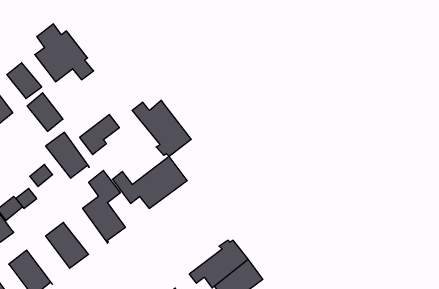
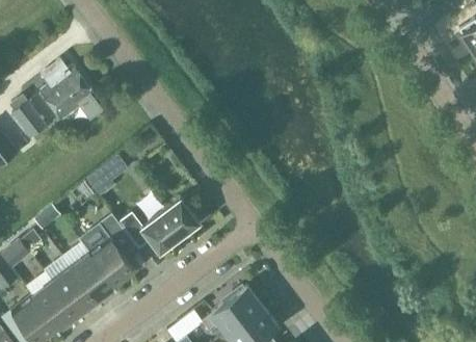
building: [27,93,63,131] -> none
building: [132,100,191,157] -> none
building: [46,132,89,178] -> [70,253,115,300]
building: none -> [31,282,76,332]

